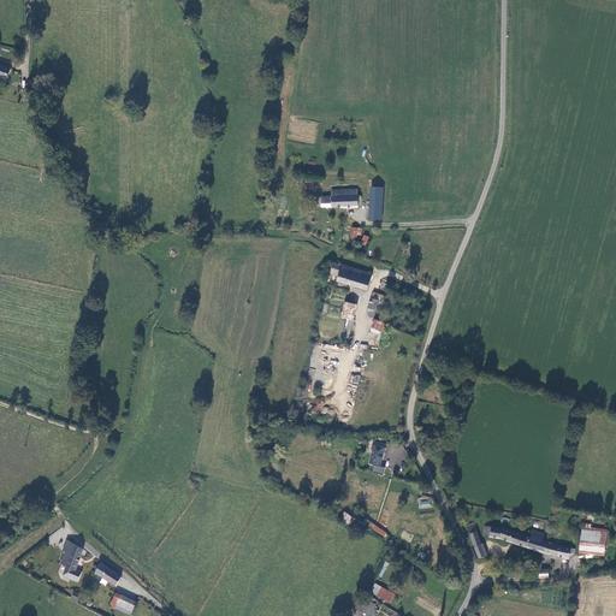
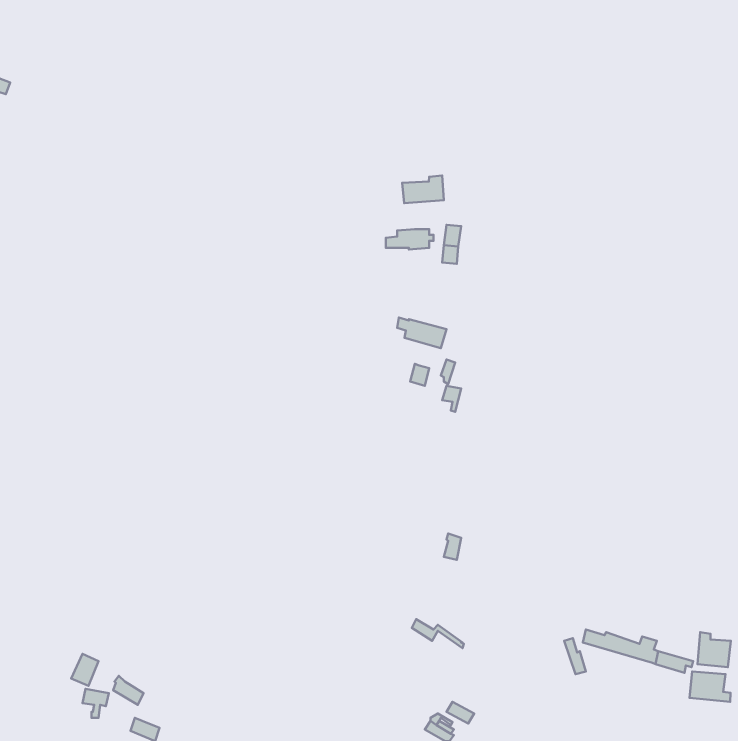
building: none -> [402,176,444,203]
building: none -> [690,671,730,702]

